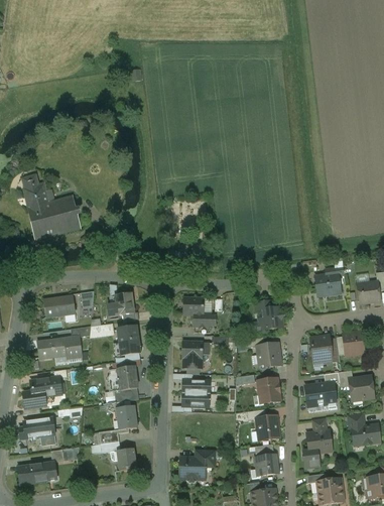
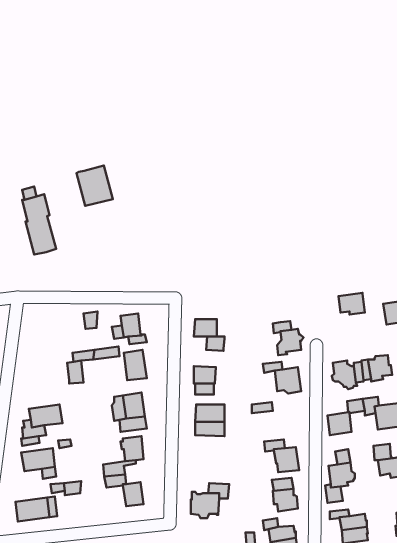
building: [47,196,81,233] -> [77,165,113,206]
building: [43,295,75,317] -> none
building: [37,337,68,358] -> none
building: [257,378,280,402] -> none

